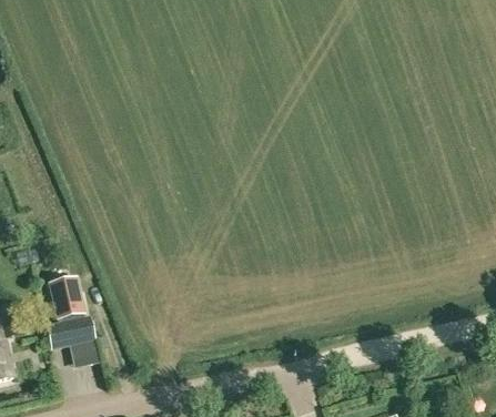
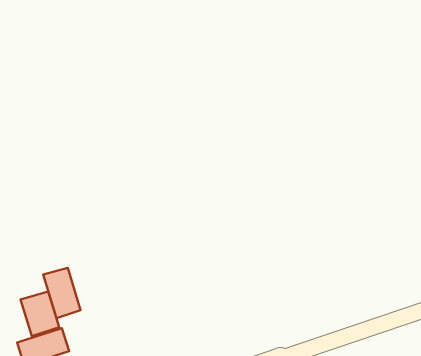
building: none -> [43,268,80,318]

